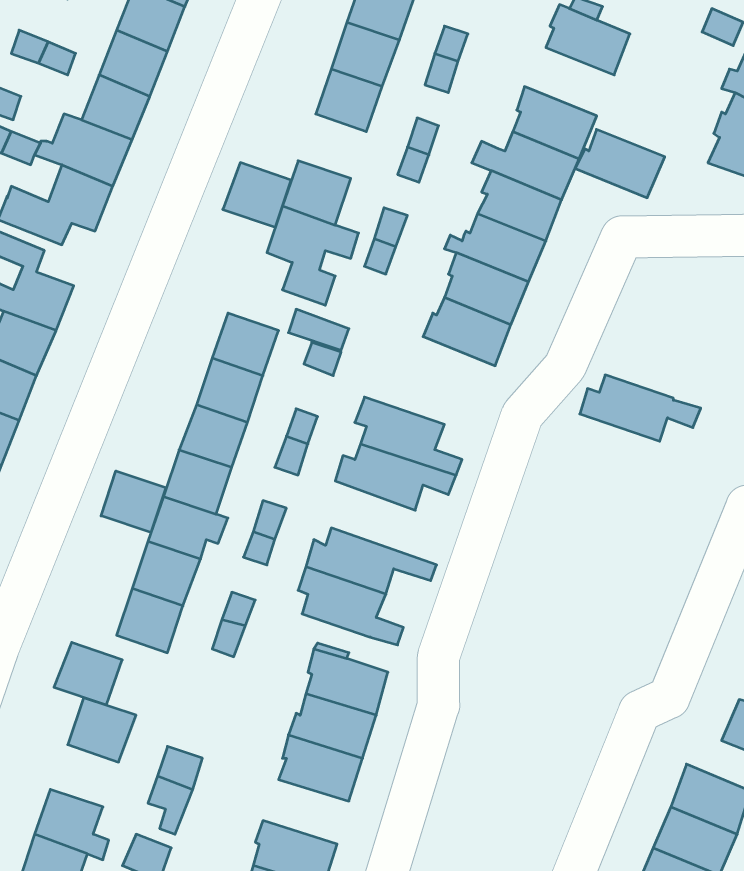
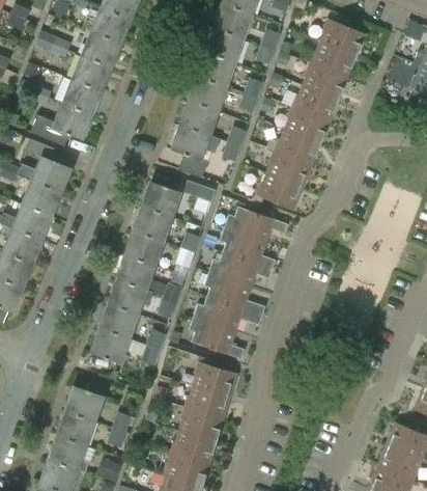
building: [575,129,665,198] -> [309,42,357,78]
building: [223,163,291,227] -> [189,77,225,111]
building: [580,375,701,441] -> [224,207,288,242]
building: [101,471,166,533] -> none
building: none -> [203,272,265,317]
building: [54,642,122,705] -> [57,412,93,445]
building: none -> [170,431,216,465]

